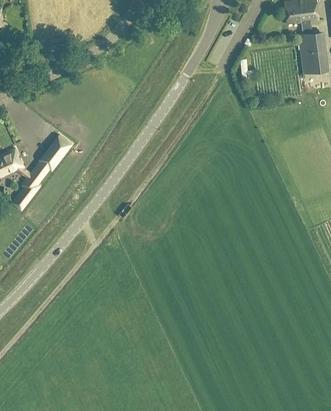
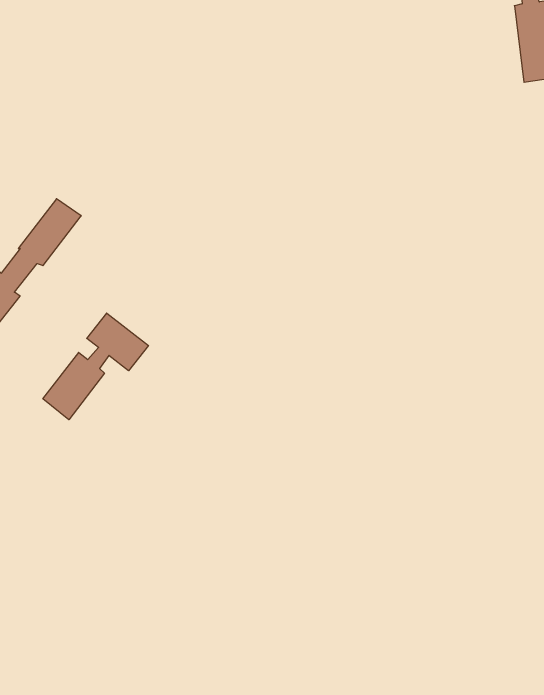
building: none -> [43,313,148,420]

